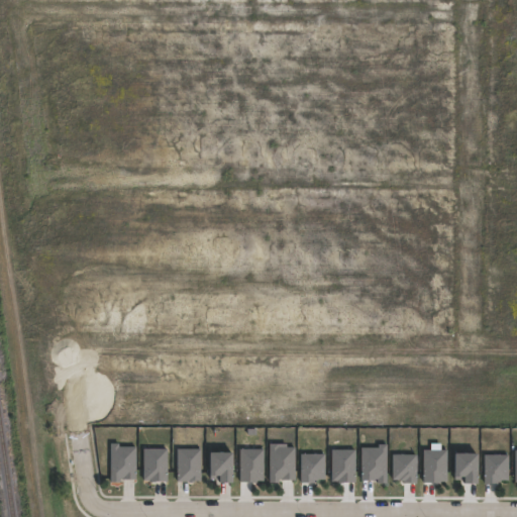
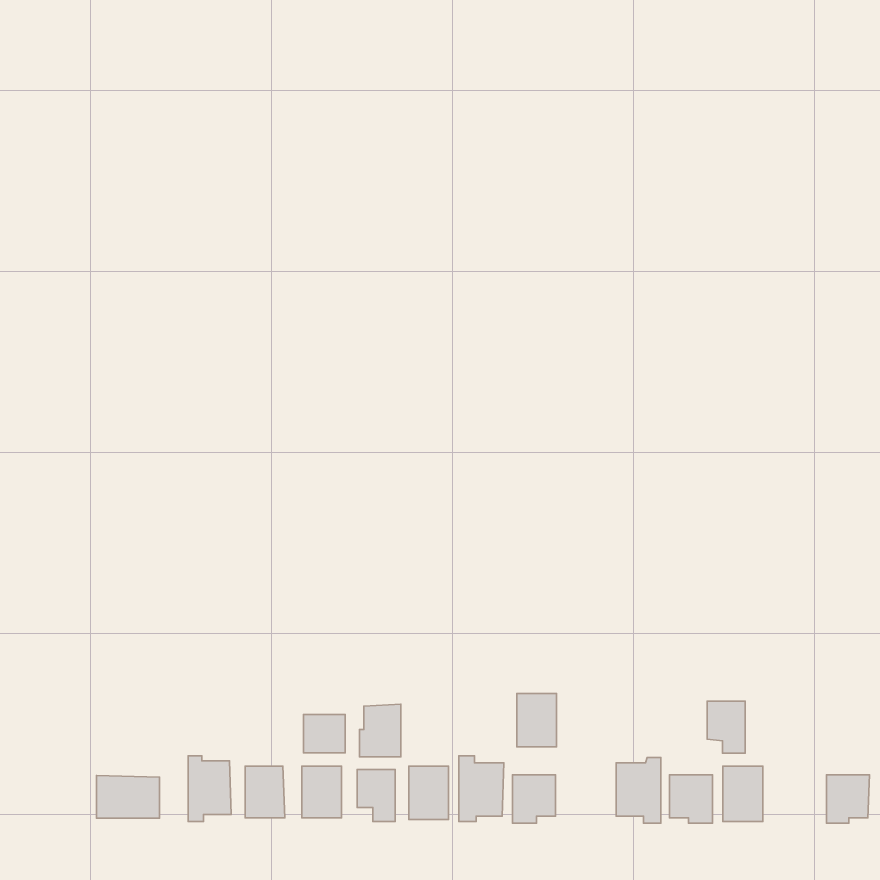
building: none -> [360,704,401,757]
building: none -> [304,714,345,753]
building: [332,449,355,481] -> [517,693,556,747]
building: [455,452,478,483] -> [707,701,745,753]
building: none -> [96,775,160,818]

